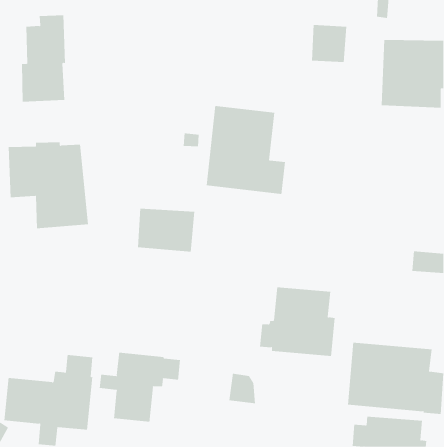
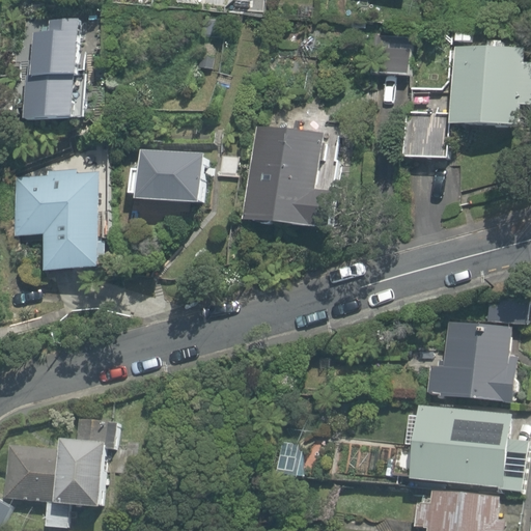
building: none -> [402,110,448,157]
building: [137,208,195,252] -> [139,151,207,203]
building: [259,287,335,356] -> [425,319,515,401]
building: [99,352,180,422] -> none

